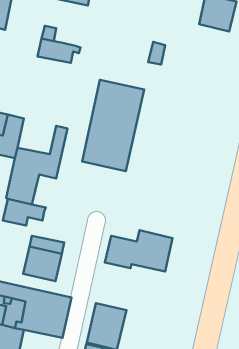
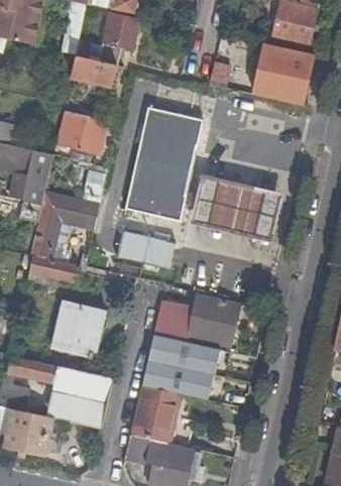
building: none -> [96,11,138,64]
building: none -> [252,41,314,105]
building: none -> [60,111,107,153]
building: none -> [192,174,280,239]
building: none -> [118,230,174,268]
building: none -> [142,334,220,399]

